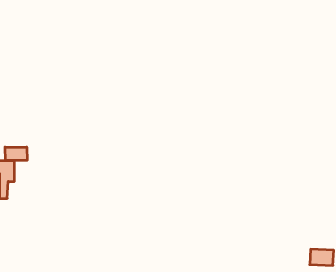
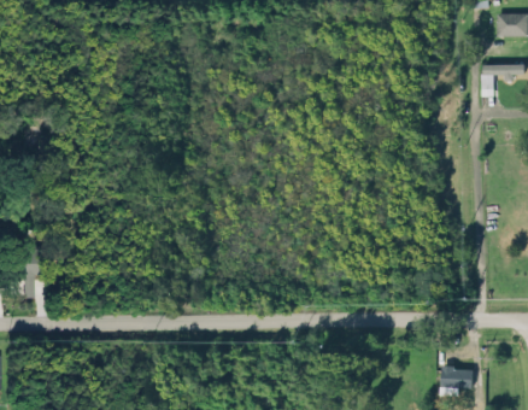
building: [5,147,27,160] -> none

